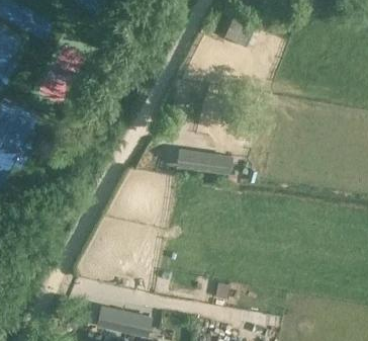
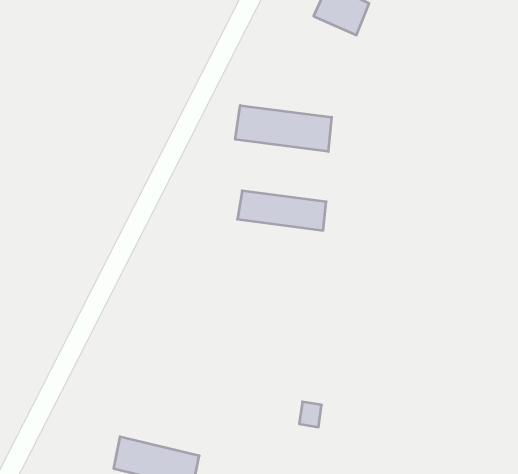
building: none -> [235,105,332,152]

